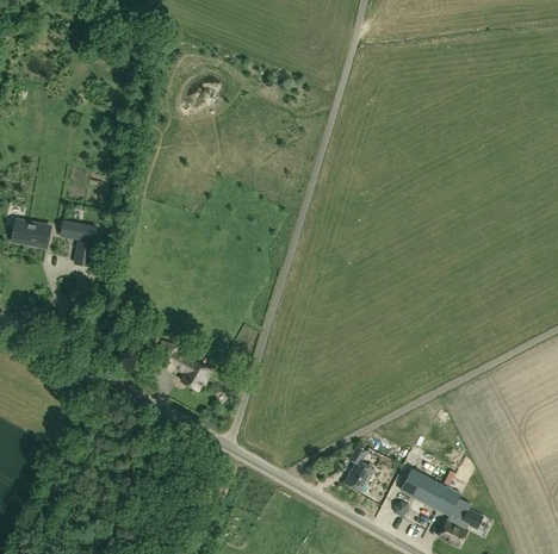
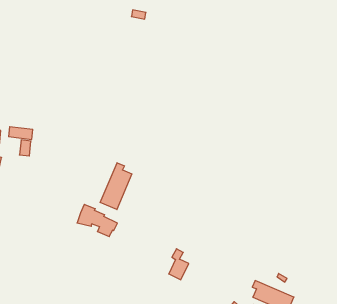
building: none -> [100,163,132,210]
building: [345,447,374,492] -> [169,249,189,280]

